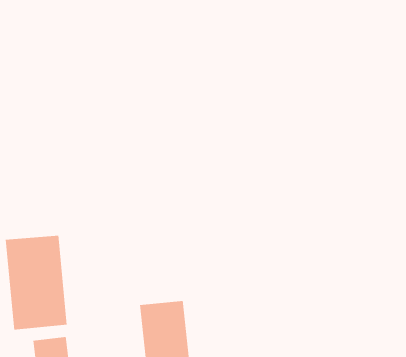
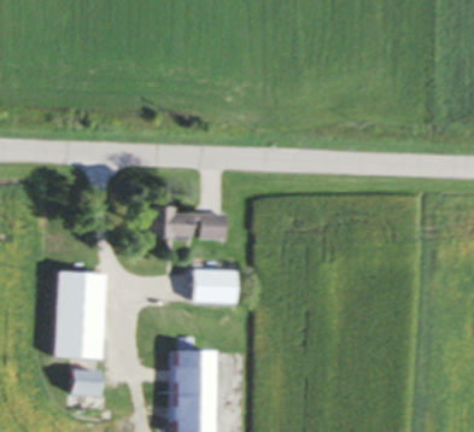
building: none -> [147,206,230,240]
building: none -> [192,269,233,303]

